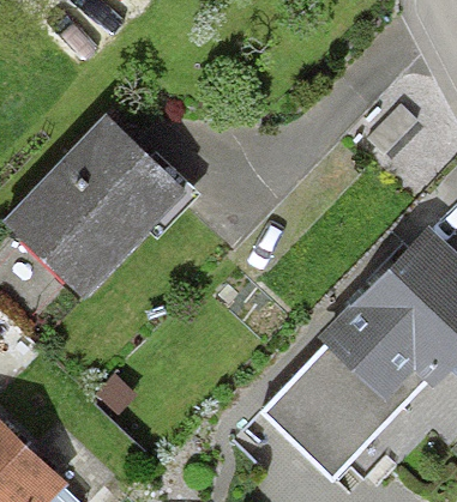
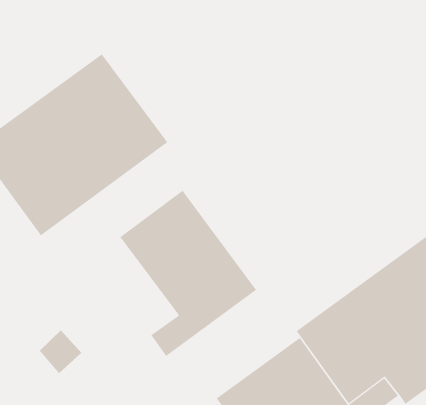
building: none -> [120,190,257,357]

